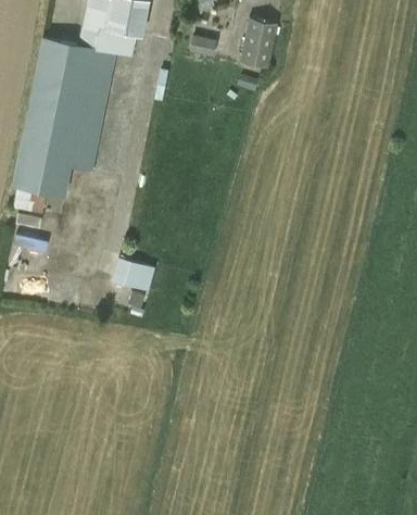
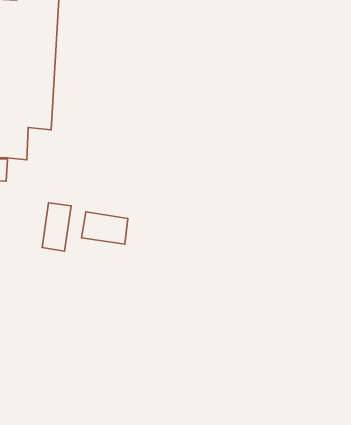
building: none -> [42,203,71,251]

